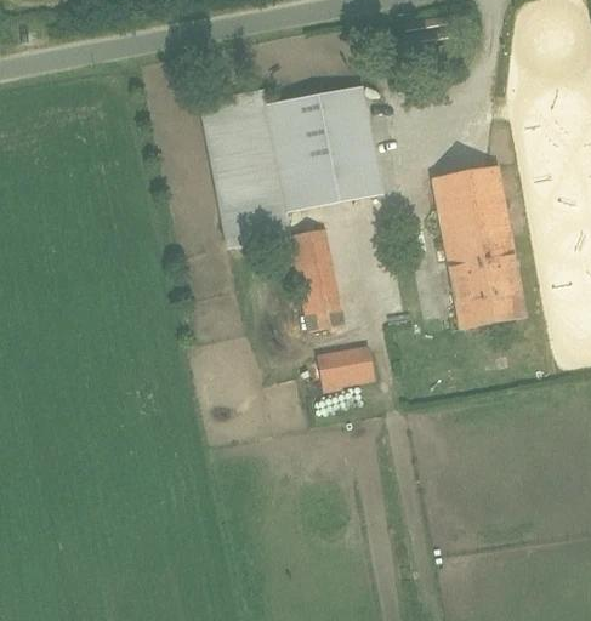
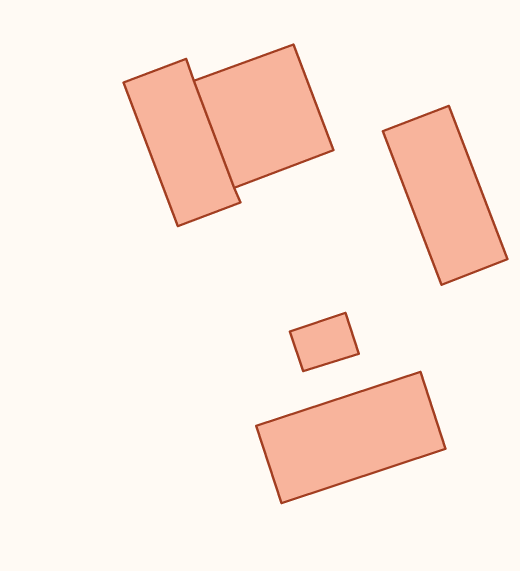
building: [288,223,343,324] -> none
building: none -> [256,372,446,503]

